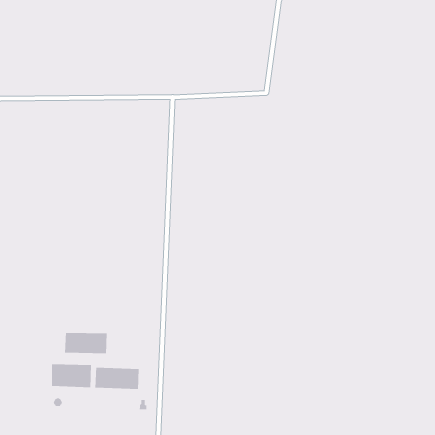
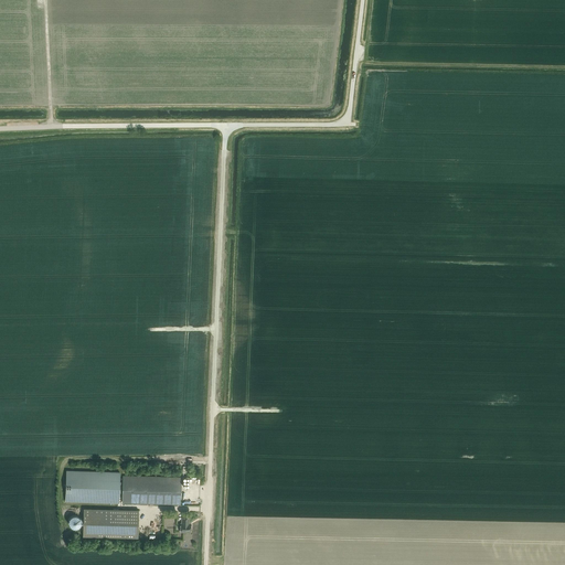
building: [64,332,108,354] -> [83,509,139,537]

